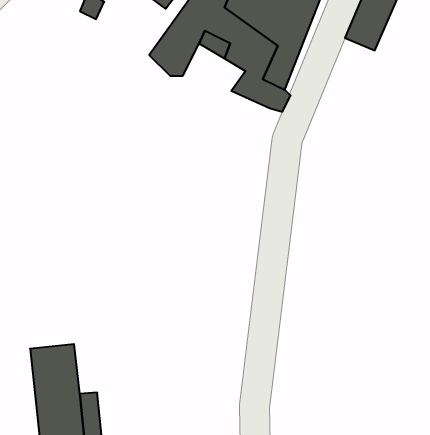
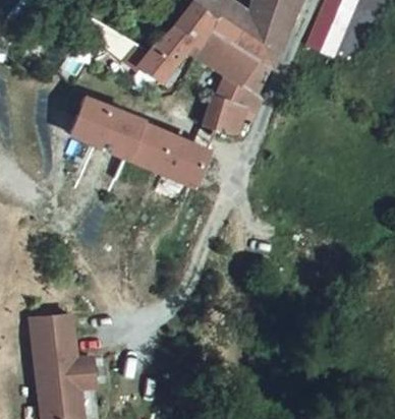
building: none -> [204,95,245,134]
building: none -> [74,97,209,187]

